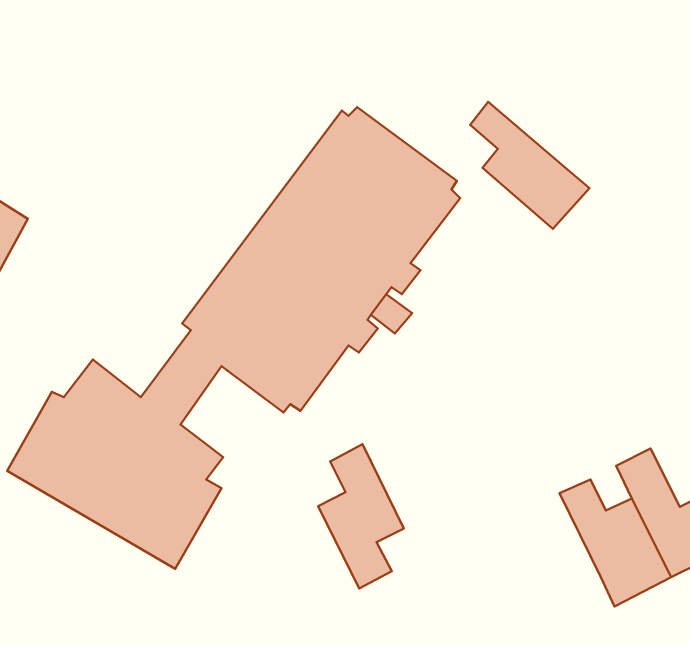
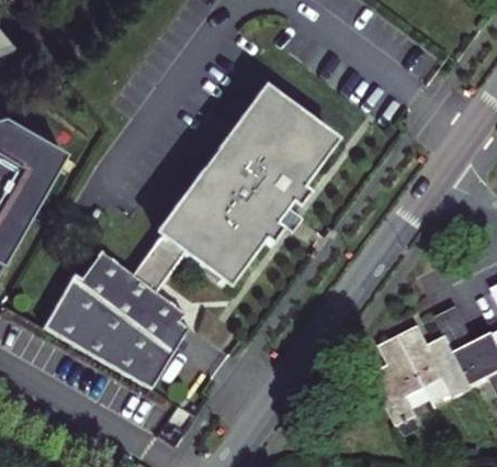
building: [470,102,590,229] -> none
building: [318,444,404,588] -> [373,333,428,425]

